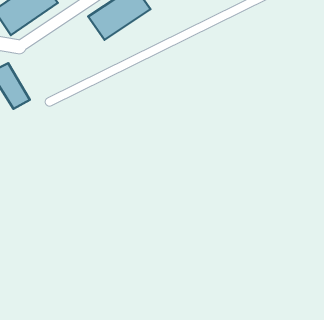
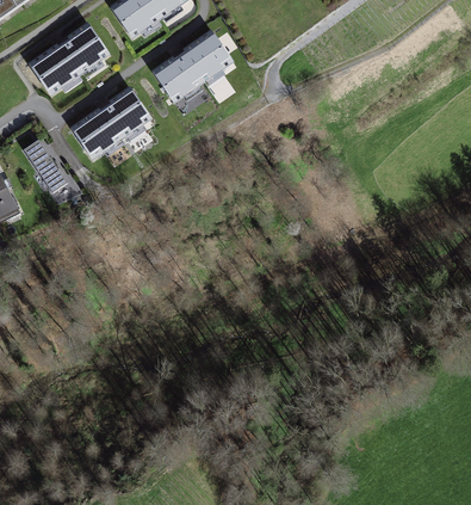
building: none -> [69,86,153,159]

